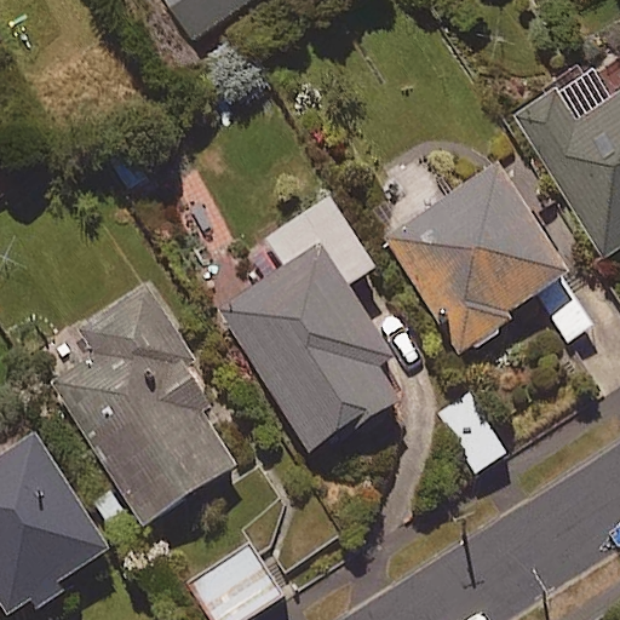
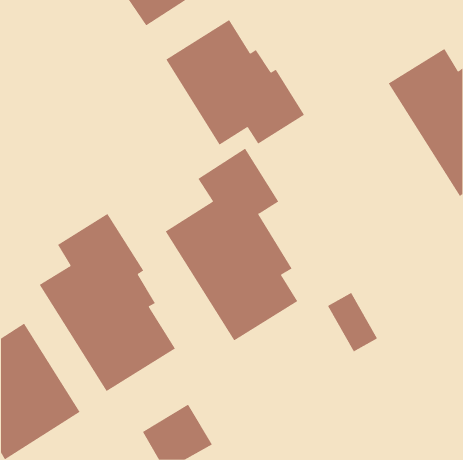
building: none -> [165,19,305,146]
building: [384,163,597,351] -> none

